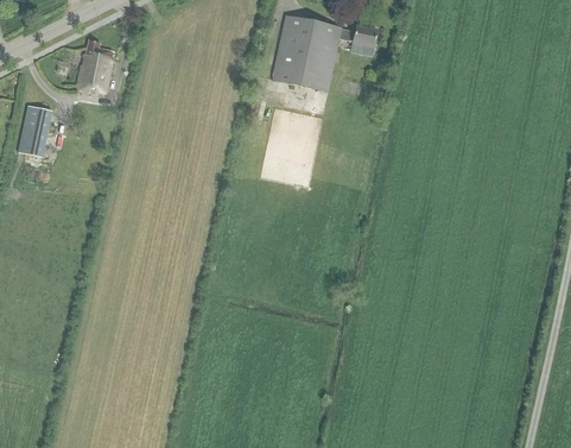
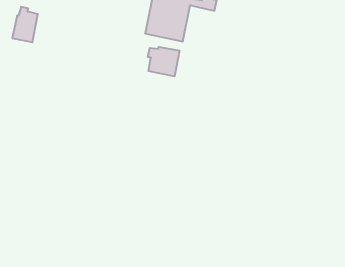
building: none -> [148,47,180,76]

